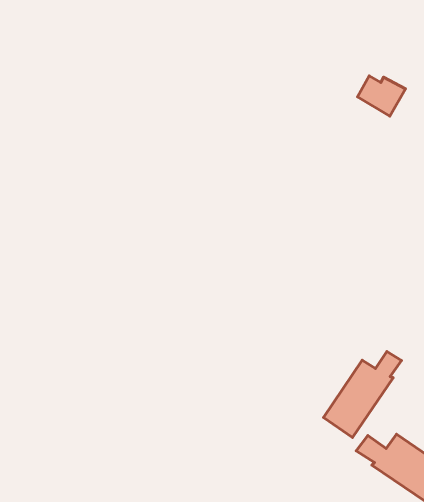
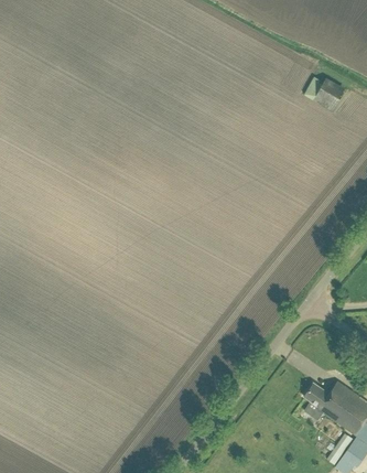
building: [324,351,402,437] -> none

